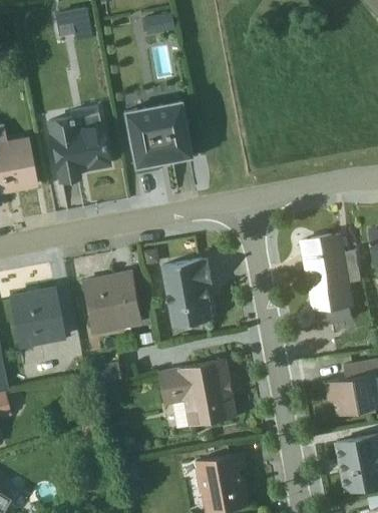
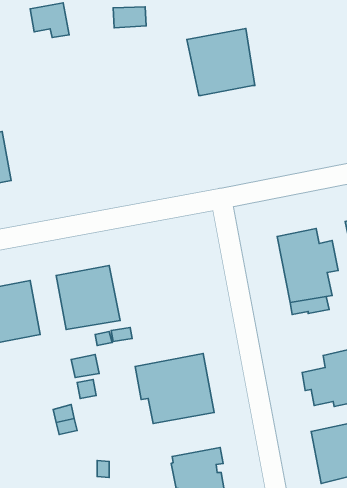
building: [121,100,190,167] -> [187,29,255,96]
building: [47,113,107,181] -> none
building: [163,261,214,331] -> none

